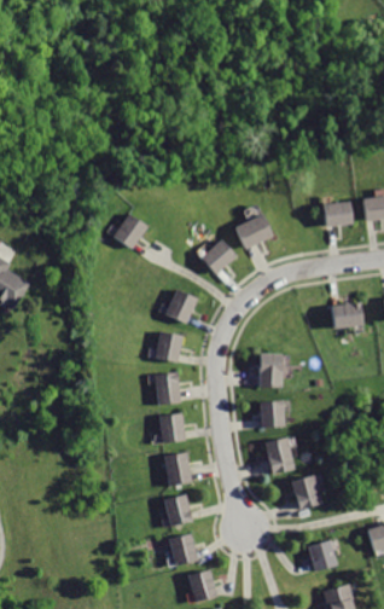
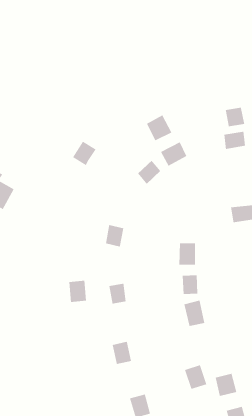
building: none -> [225,107,245,127]
building: none -> [146,115,172,141]
building: [165,290,196,324] -> none
building: [157,373,182,405] -> [69,280,87,303]
building: [165,452,193,486] -> none
building: [291,475,324,510] -> [184,365,207,390]
building: [173,533,200,564] -> none

